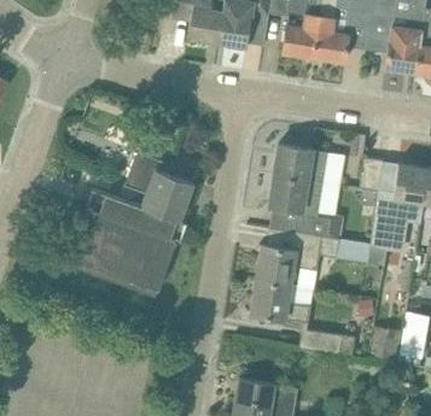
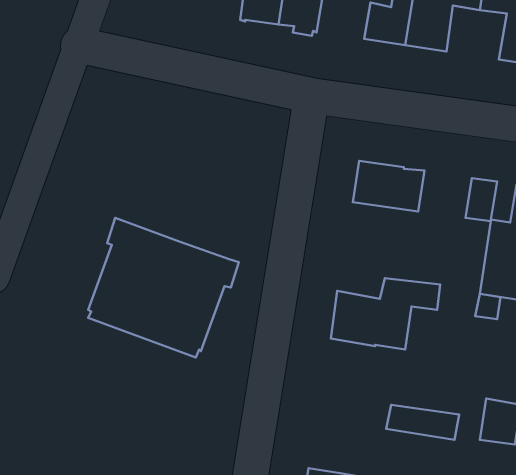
building: [124,153,193,219] -> none
building: [269,176,344,239] -> none
building: [251,280,310,322] -> none

